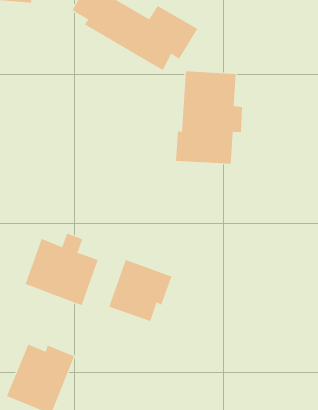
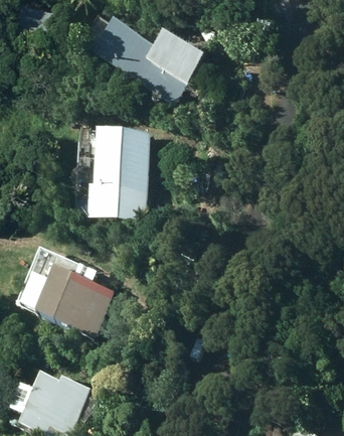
building: [175,71,243,164] -> [88,127,154,219]
building: [109,259,172,322] -> none

